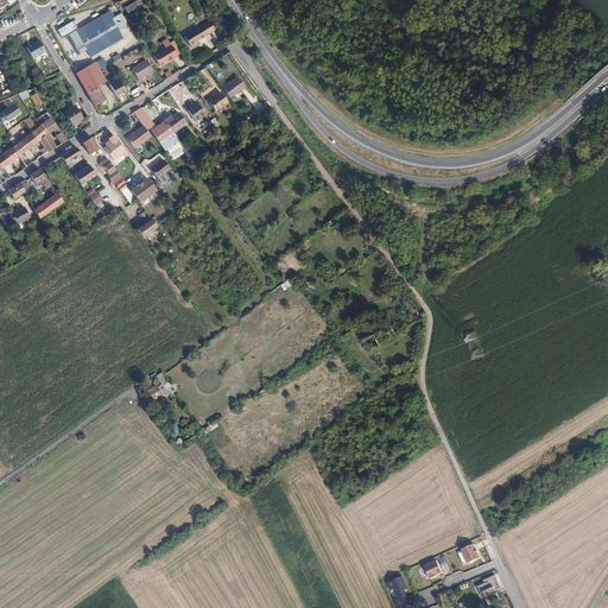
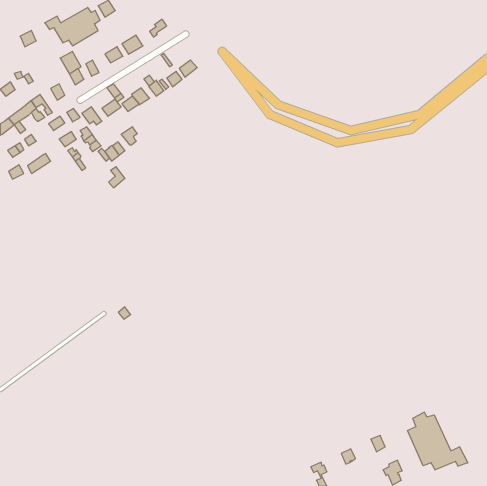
building: none -> [407,412,468,470]

